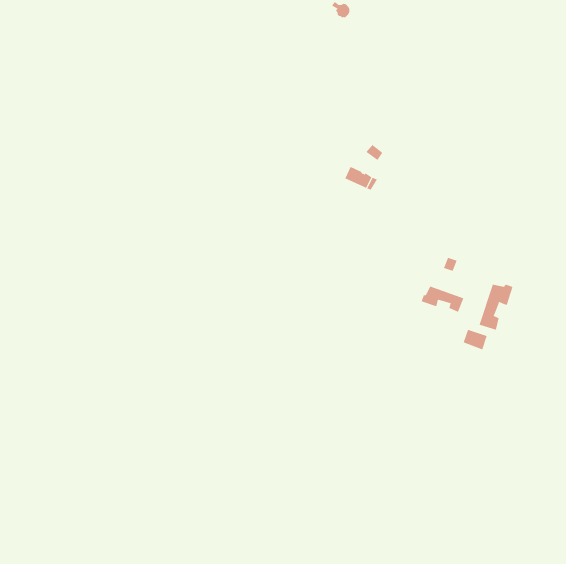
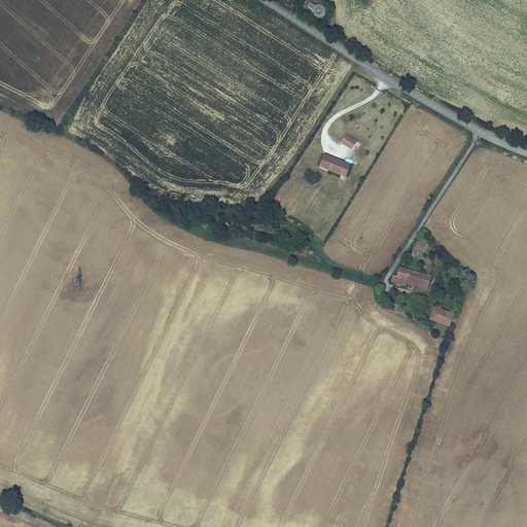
building: [479,284,513,331] -> none

